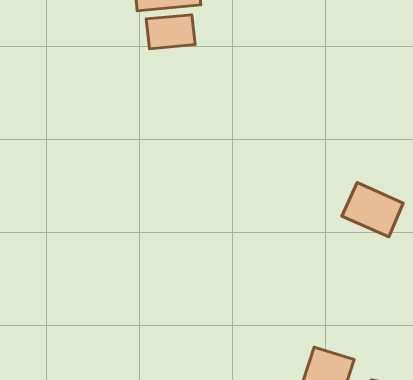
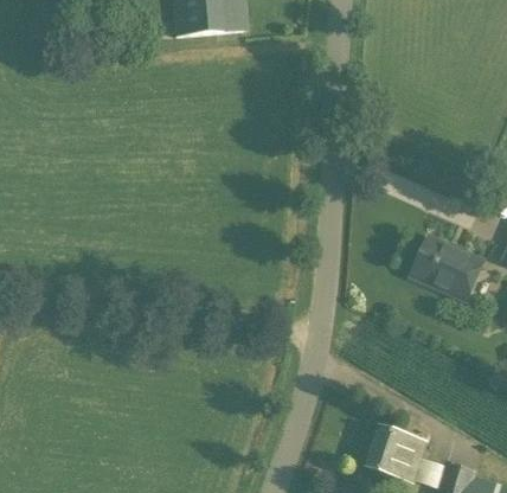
building: [146,15,195,49] -> none

